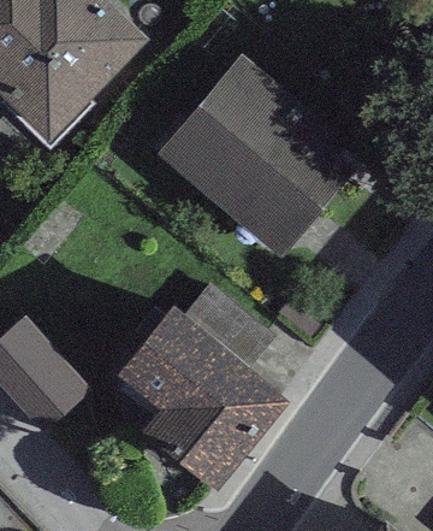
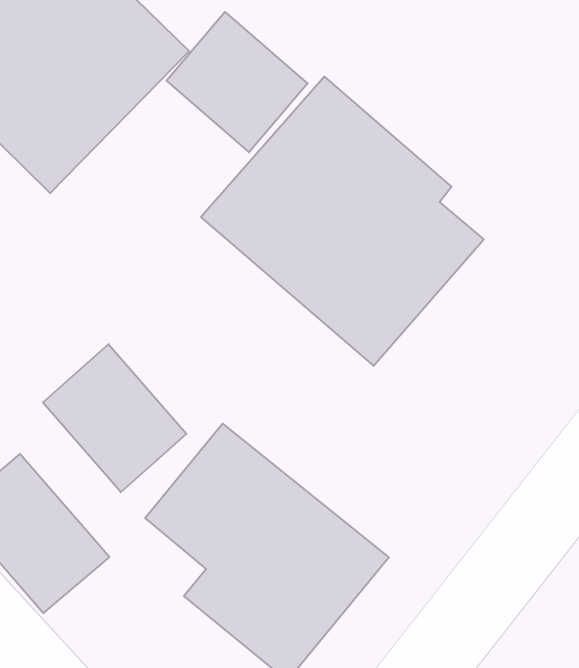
building: none -> [167,12,308,152]
building: none -> [43,344,187,492]

